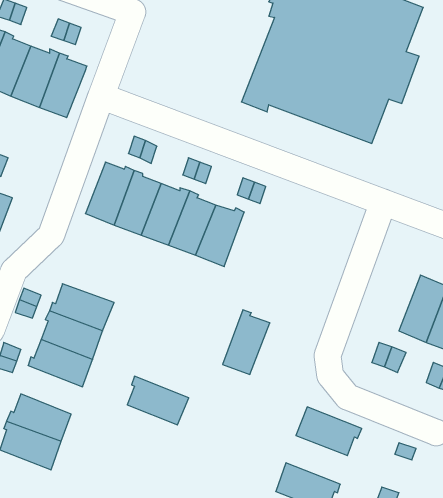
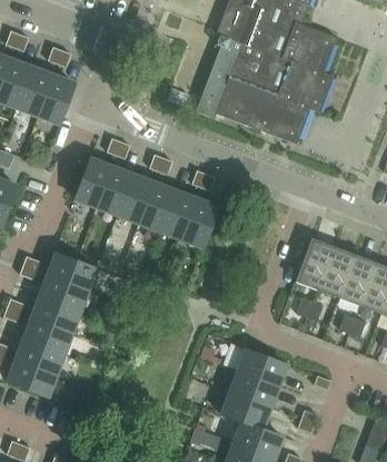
building: none -> [295,238,334,289]
building: [223,310,270,374] -> [181,197,218,247]
building: [127,376,189,425] -> [23,316,71,354]
building: none -> [229,371,277,409]

